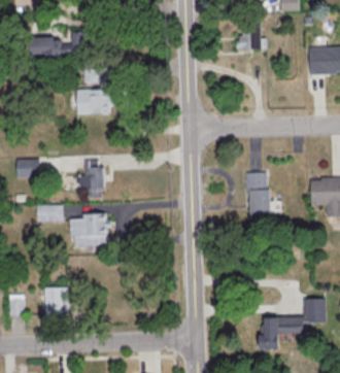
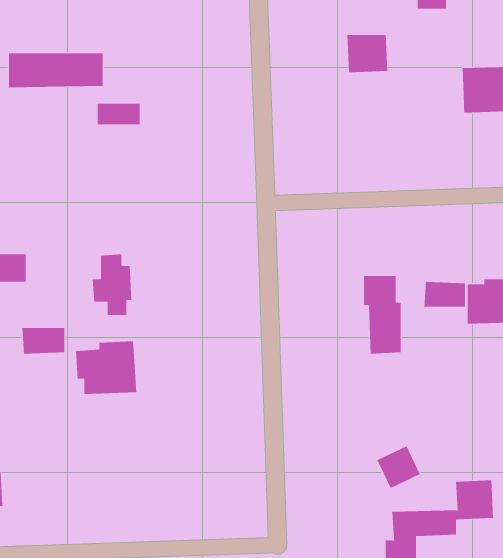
building: [75,89,113,112] -> none
building: none -> [424,281,466,307]
building: none -> [377,445,421,489]
building: [44,289,69,316] -> none

